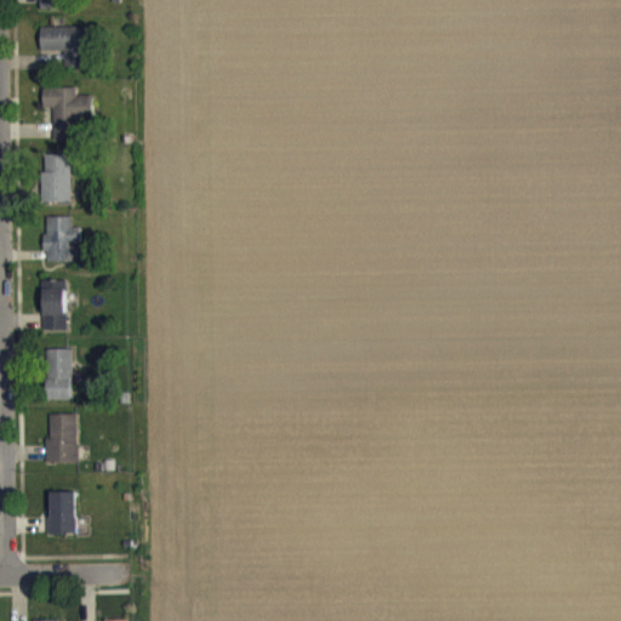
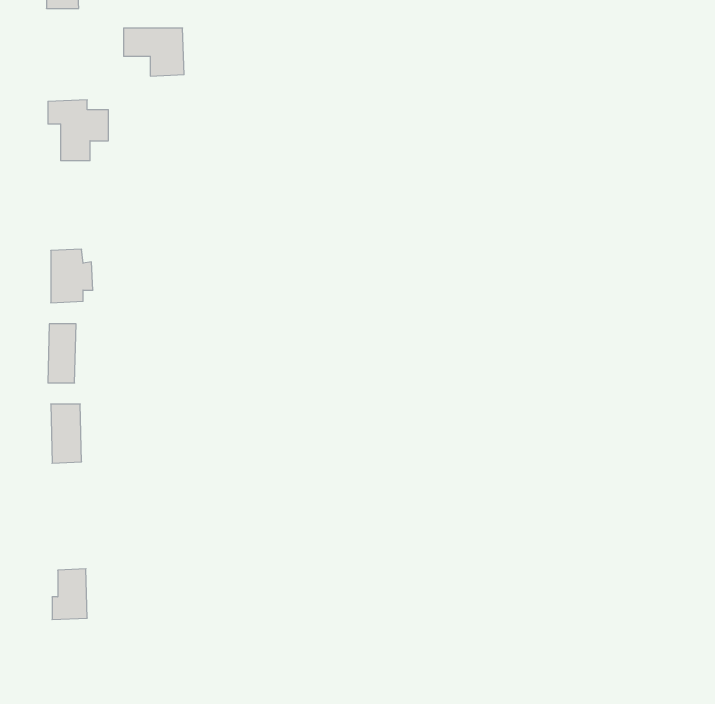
building: [40,25,92,67] -> [124,28,184,76]
building: [41,153,70,201] -> none
building: [44,412,76,462] -> none

